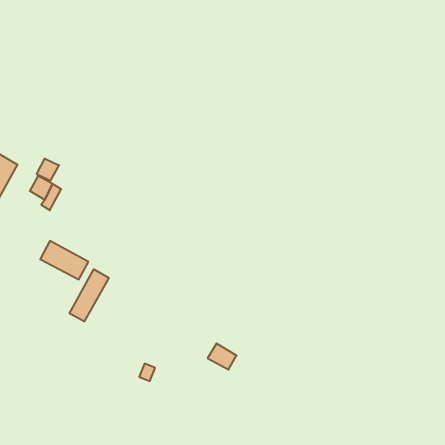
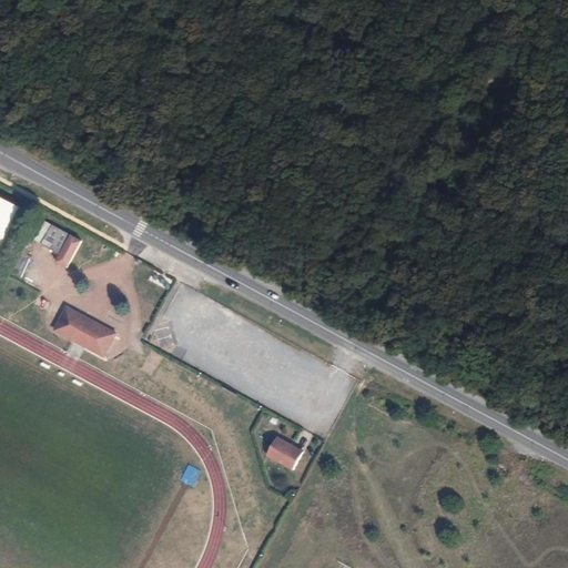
building: [37,159,59,181] -> none
building: [70,269,109,321] -> none

